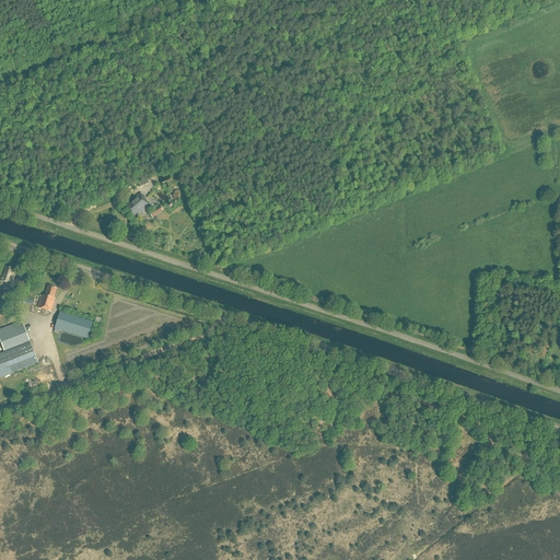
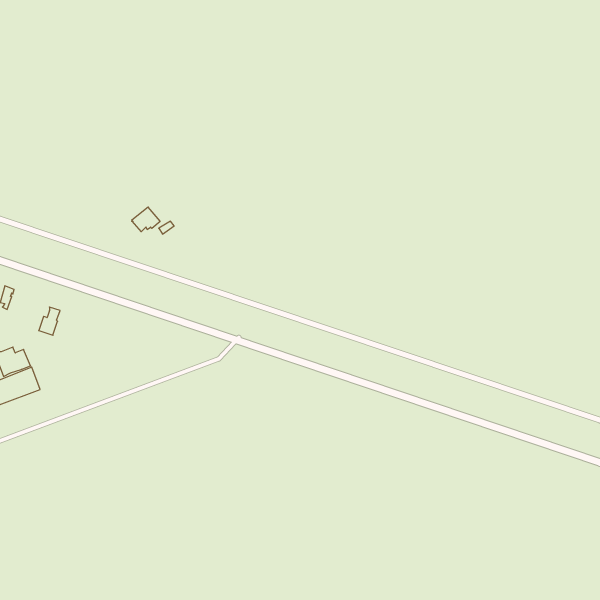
building: [54,312,92,339] -> none

